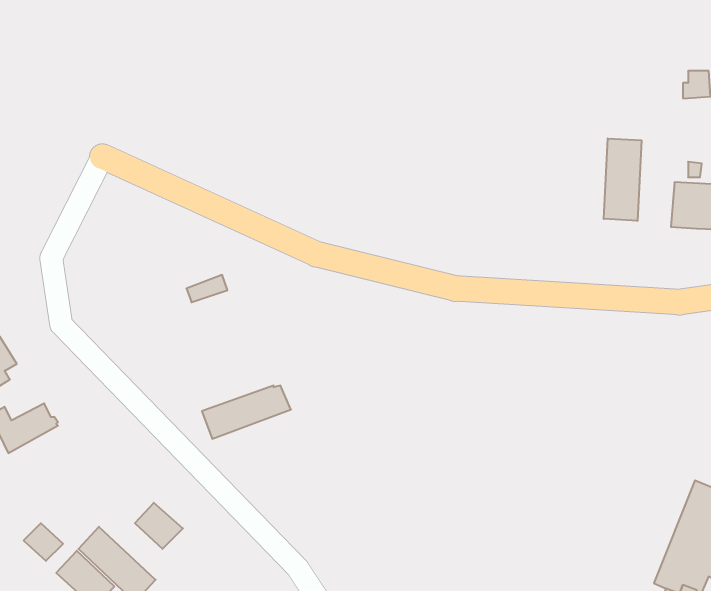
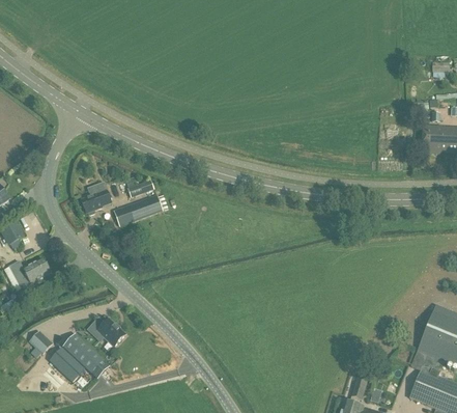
building: [604,138,641,221] -> none
building: none -> [80,181,111,214]
building: [202,386,291,439] -> [113,193,167,225]

